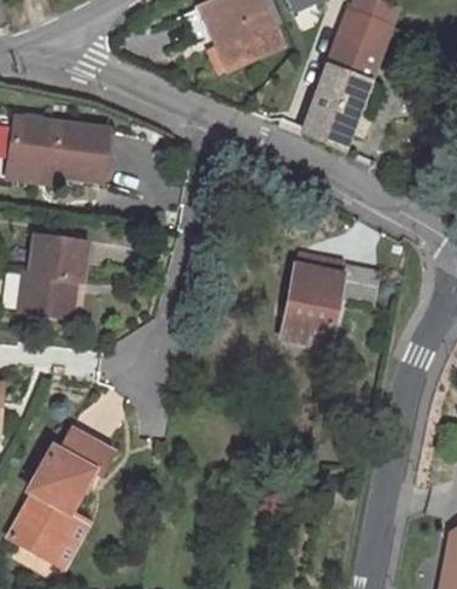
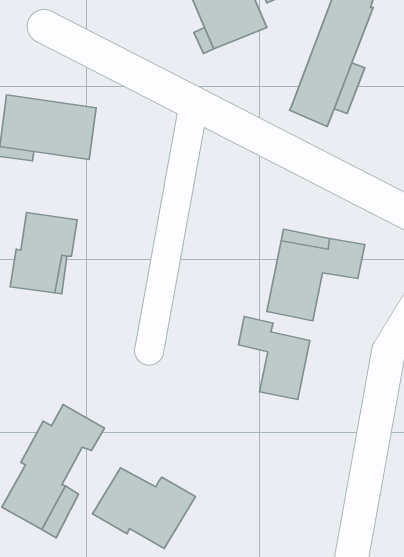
building: none -> [239,316,310,399]
building: none -> [93,468,195,549]

